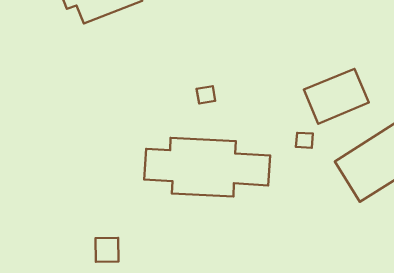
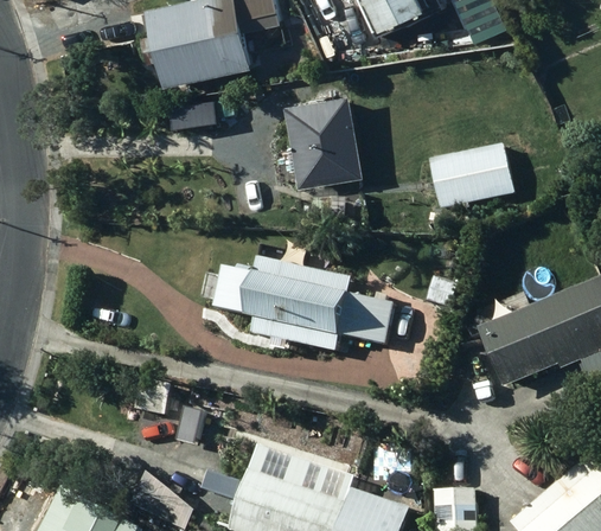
building: none -> [287,91,363,185]
building: [304,69,369,124] -> [428,142,513,209]

